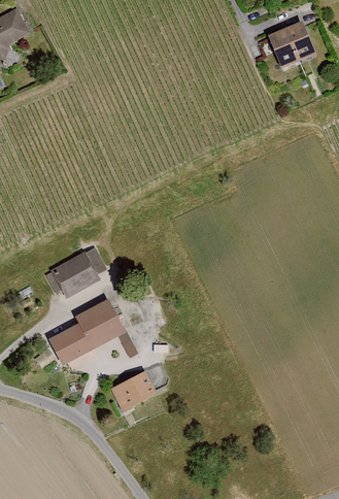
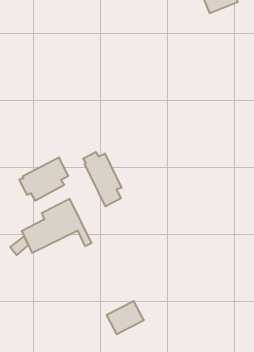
building: none -> [83,152,121,206]
building: [111,370,158,411] -> [107,301,144,334]

